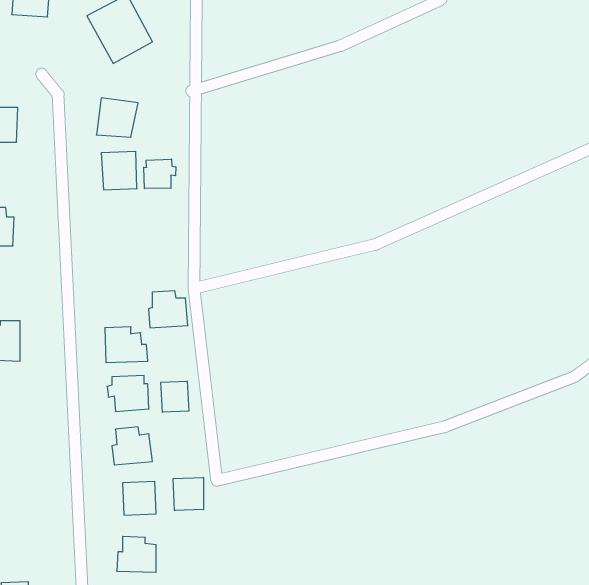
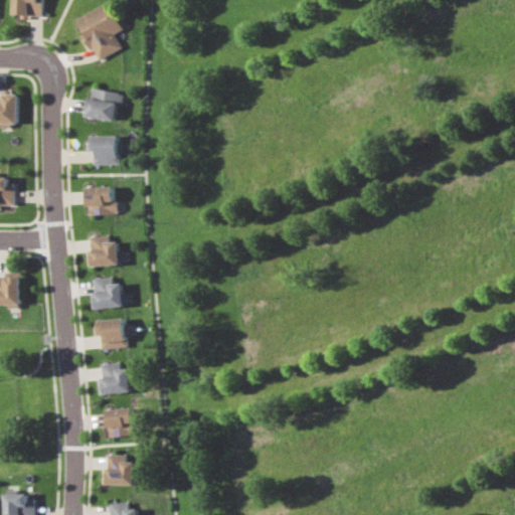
building: [144,159,176,189] -> none
building: none -> [85,187,118,216]
building: [149,291,188,328] -> [85,236,119,268]
building: [161,381,189,412] -> none
building: [173,477,204,511] -> none

